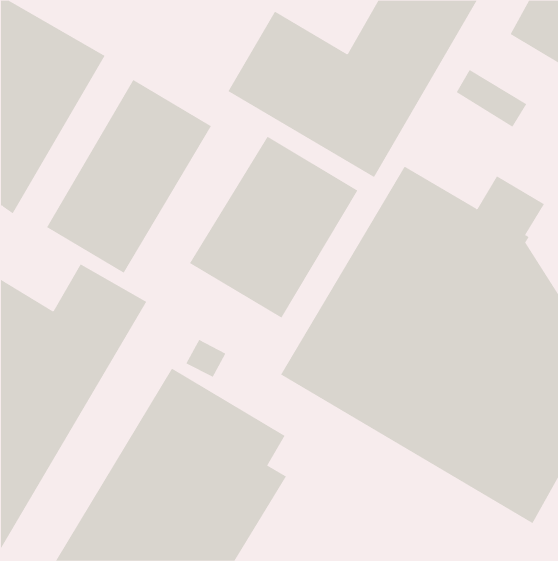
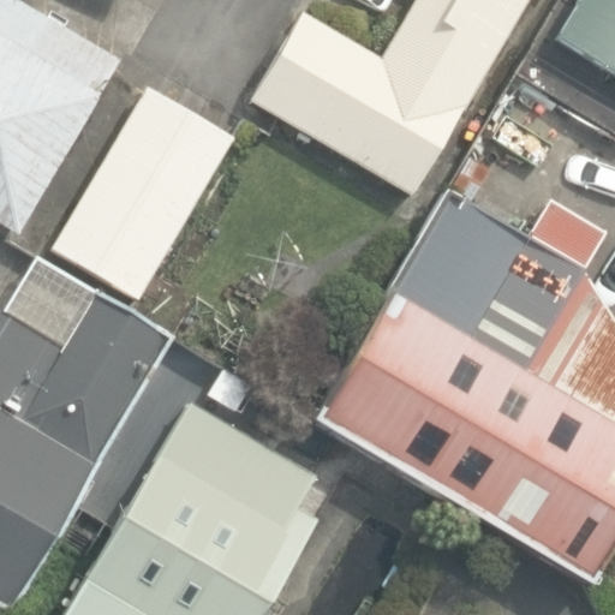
building: [189,136,358,318] -> none

